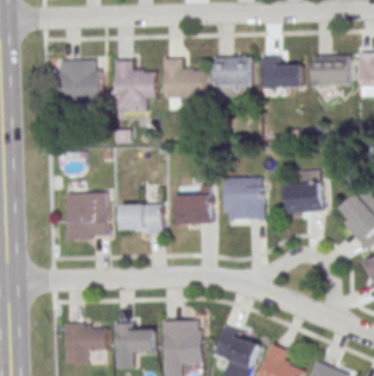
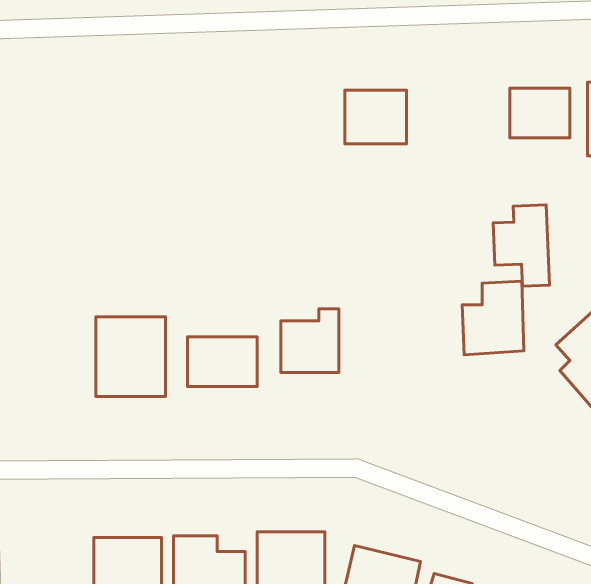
building: [260,56,302,88] -> none
building: [163,57,204,108] -> none
building: [58,58,100,104] -> none
building: [113,59,154,113] -> none
building: none -> [493,205,549,286]
building: [222,177,261,219] -> none

